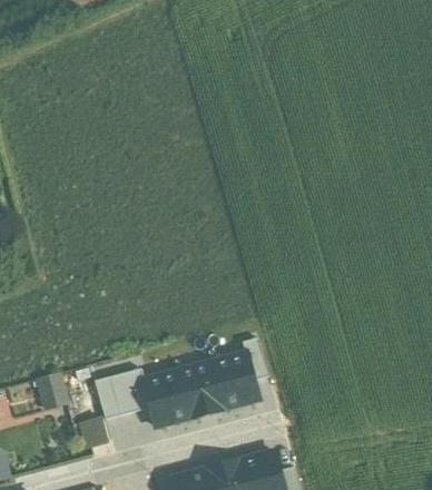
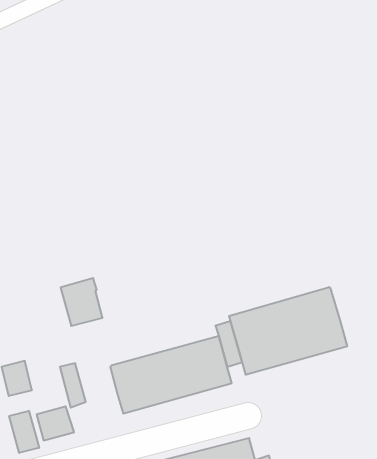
building: none -> [229,287,347,375]
building: [107,370,147,415] -> [61,278,103,326]
building: none -> [9,411,39,453]

